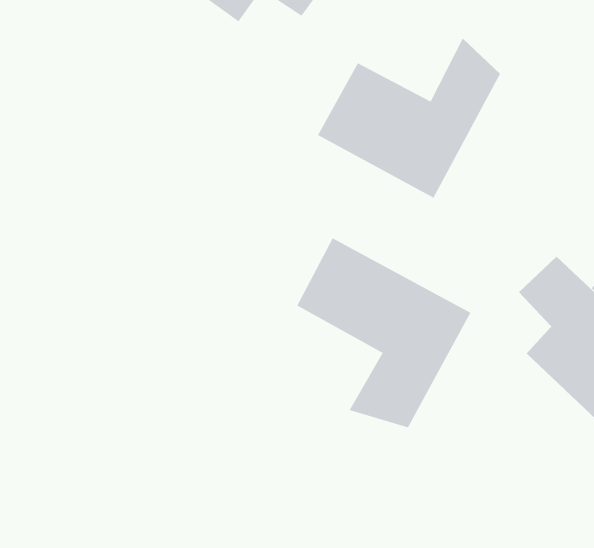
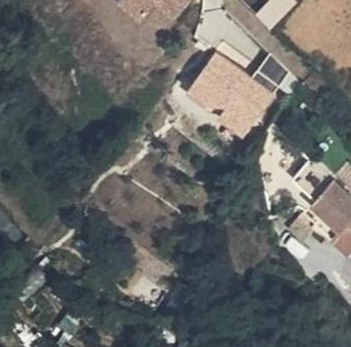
building: [297,237,471,428] -> none

